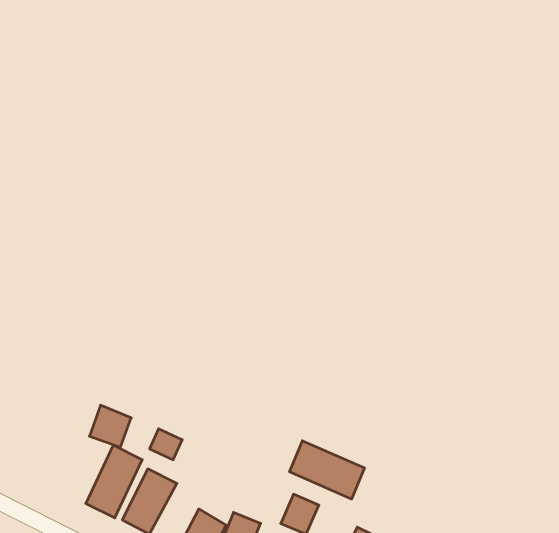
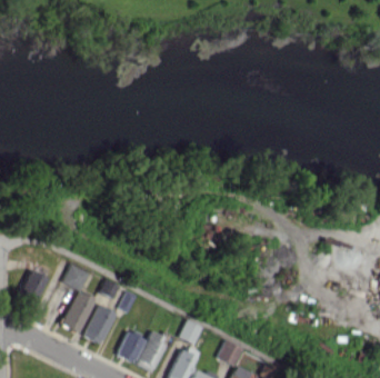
building: none -> [20,270,48,301]
building: [290,441,364,499] -> none

